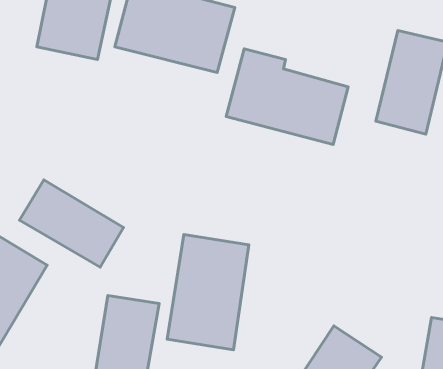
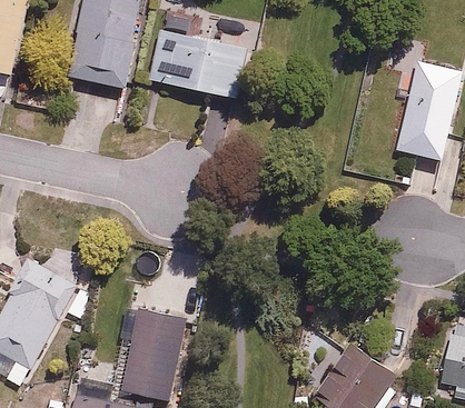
building: [226,49,348,144] -> none
building: [20,180,124,267] -> none
building: [167,235,249,350] -> none

